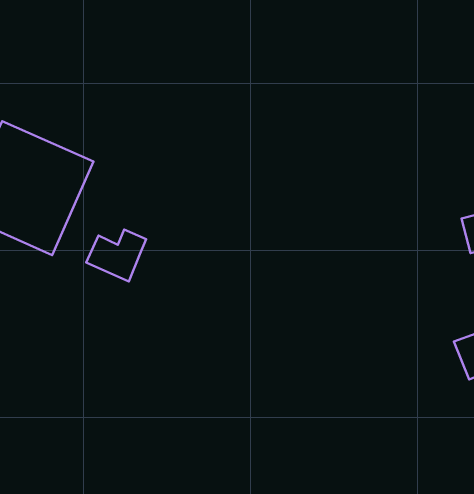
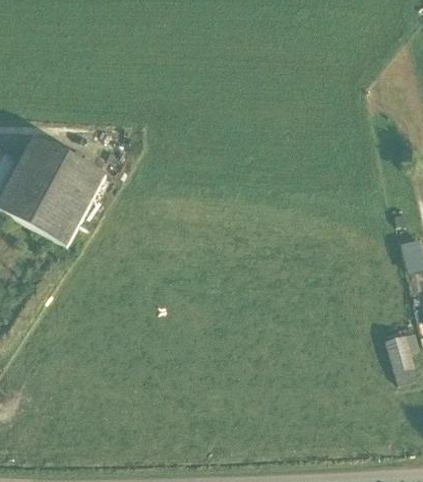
building: [86,230,146,281] -> none

